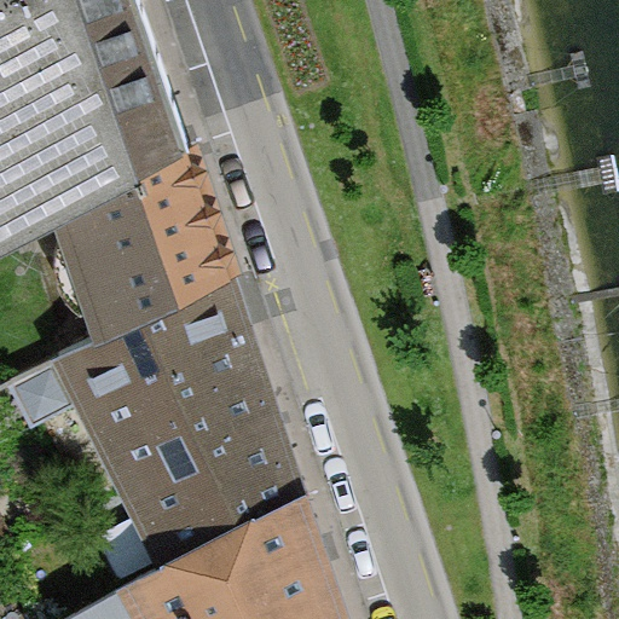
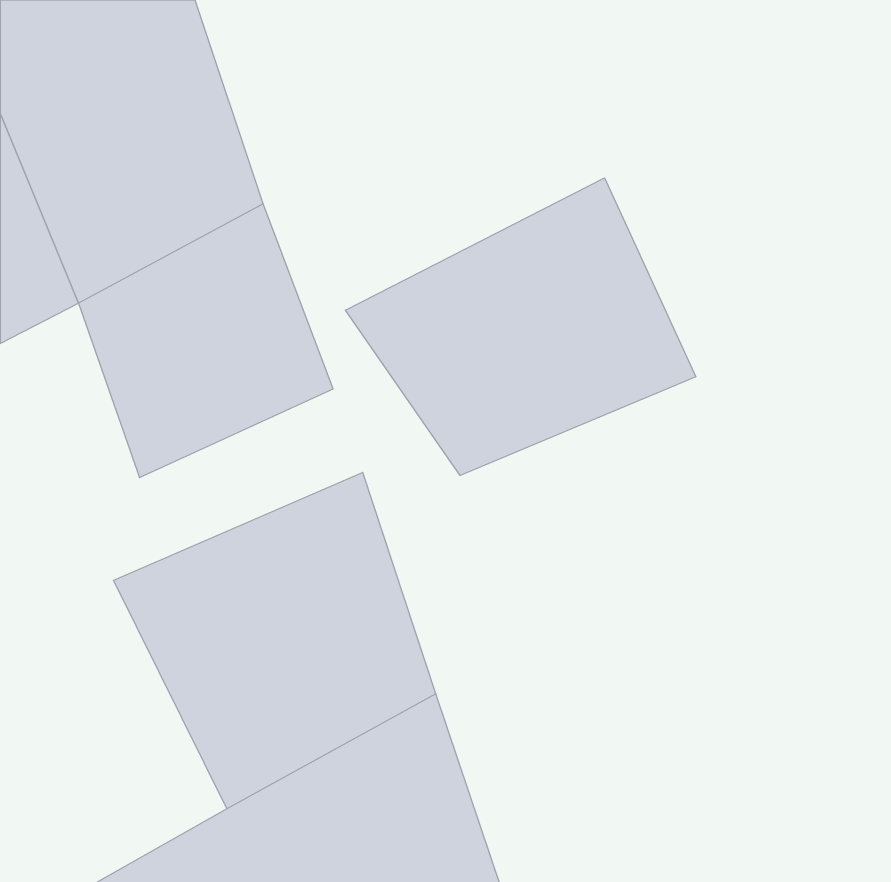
building: none -> [345,178,696,476]
building: [52,276,251,409] -> none

